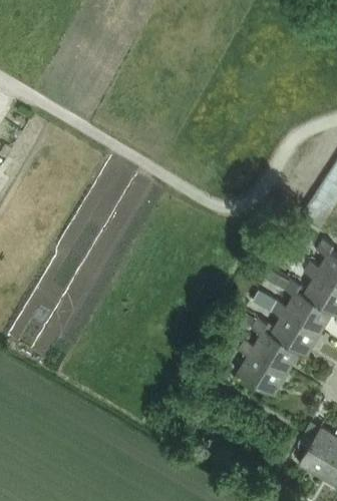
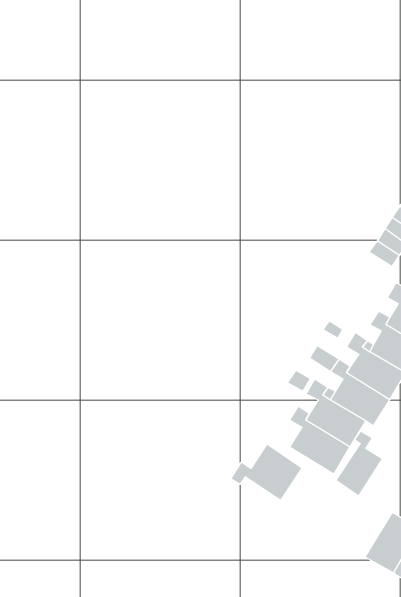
building: none -> [336,431,383,496]
building: none -> [231,444,302,501]

